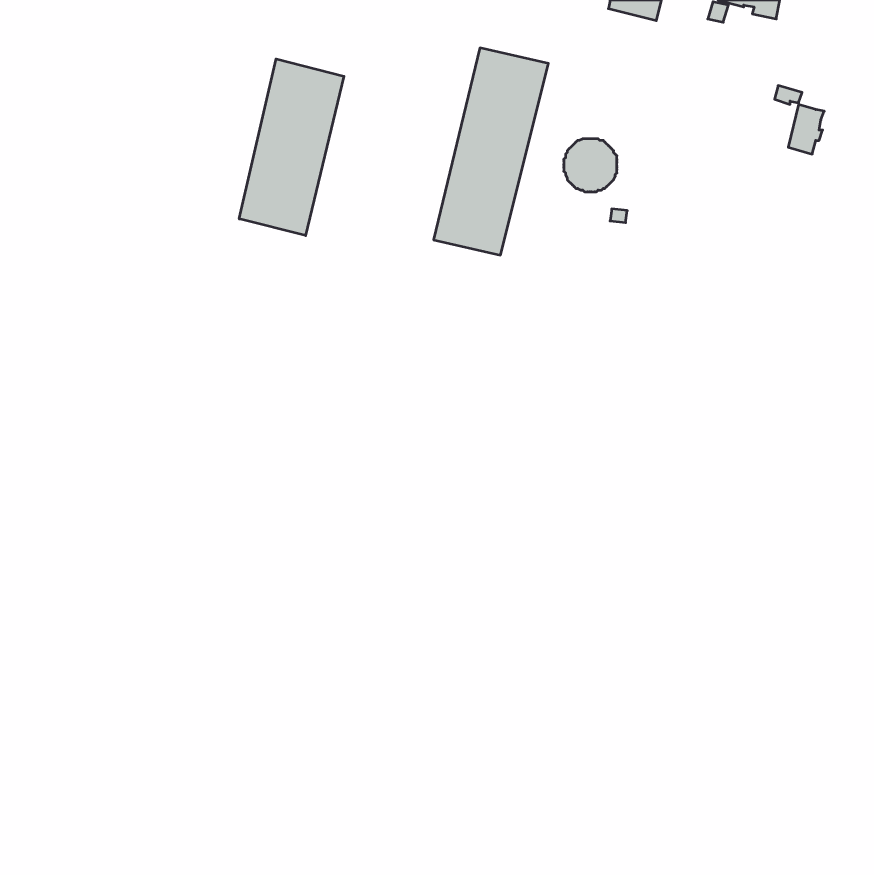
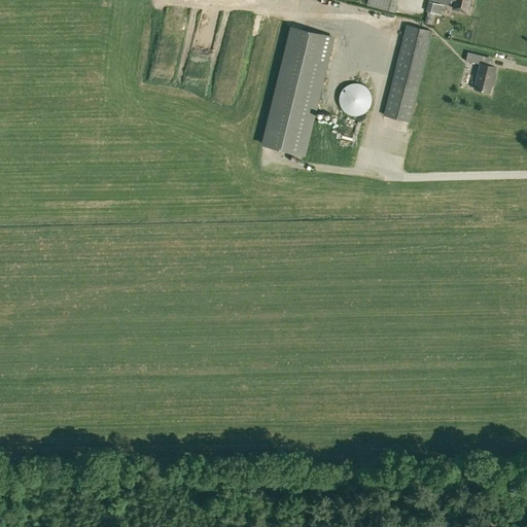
building: none -> [385,26,431,121]
building: [239,59,344,236] -> none

